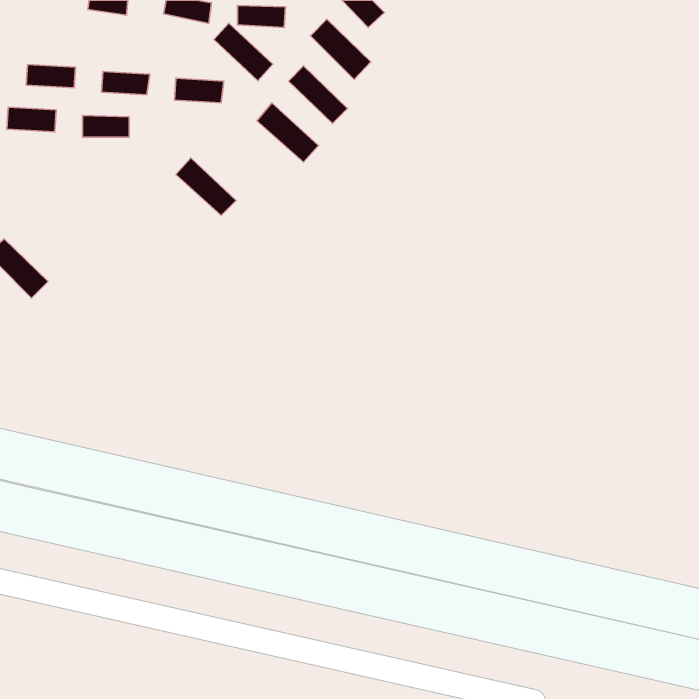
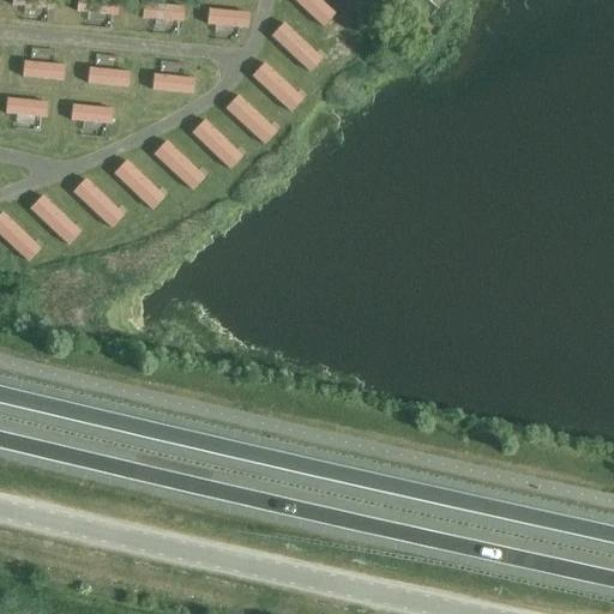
building: [214,23,273,81] -> [192,119,243,169]
building: none -> [114,159,167,211]
building: none -> [72,177,125,229]
building: none -> [30,194,83,246]

